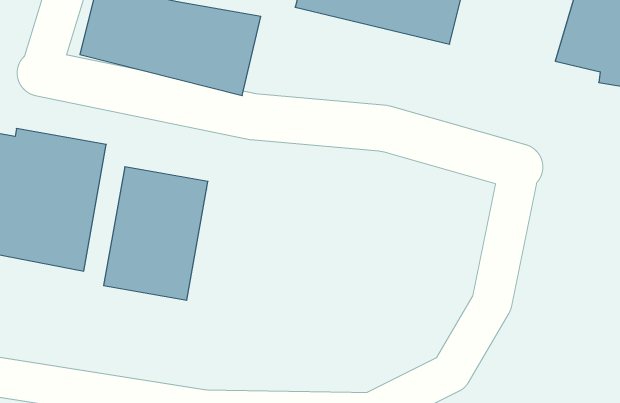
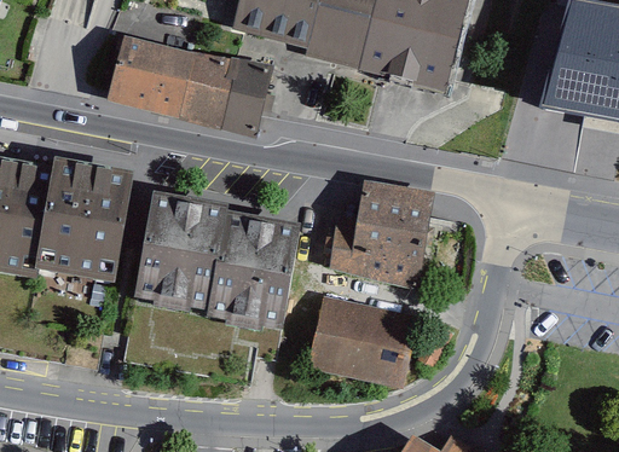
building: none -> [325,186,433,292]
building: none -> [206,218,297,337]
building: none -> [303,295,418,392]

